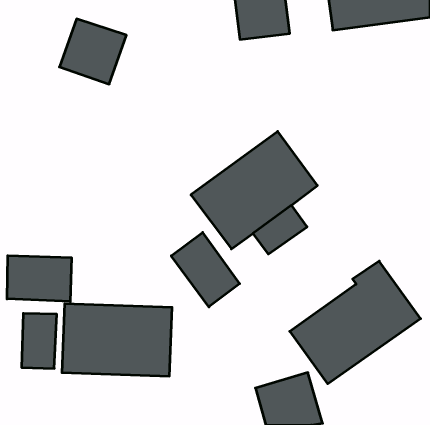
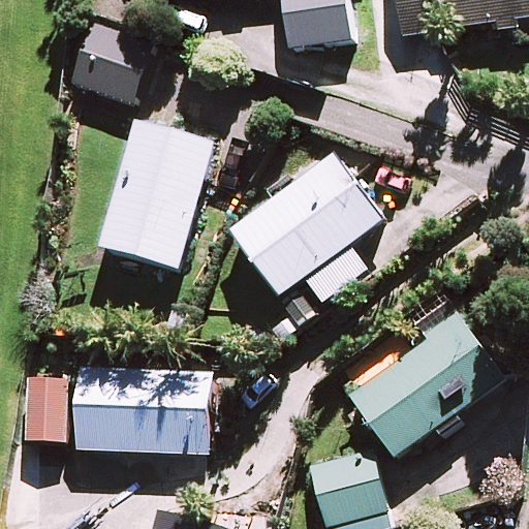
building: none -> [99,123,214,271]
building: [171,232,240,307] -> none
building: [7,256,71,302] -> none

